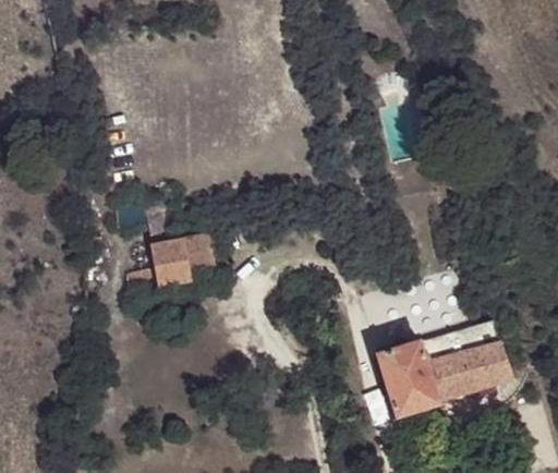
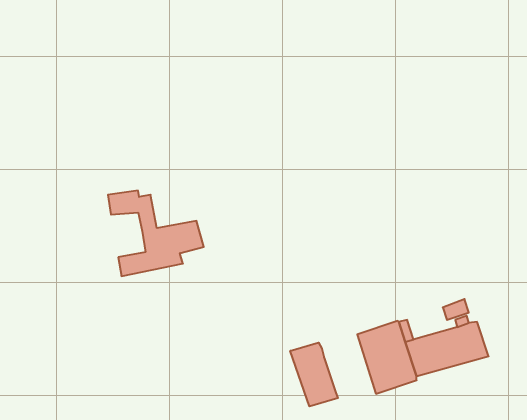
building: none -> [290,343,338,406]

